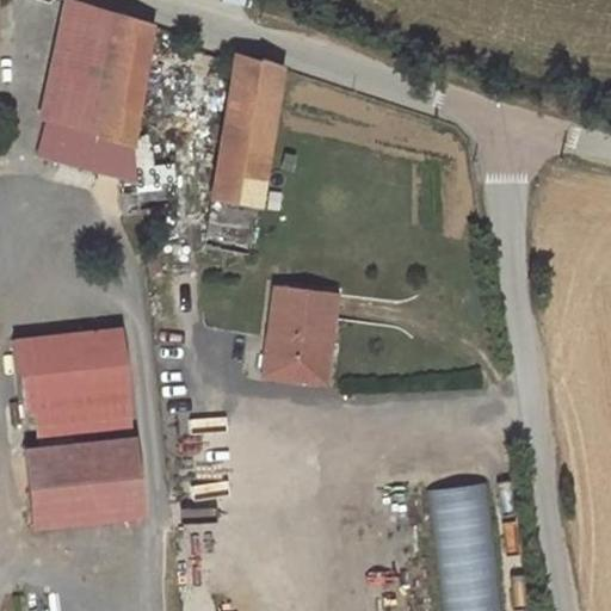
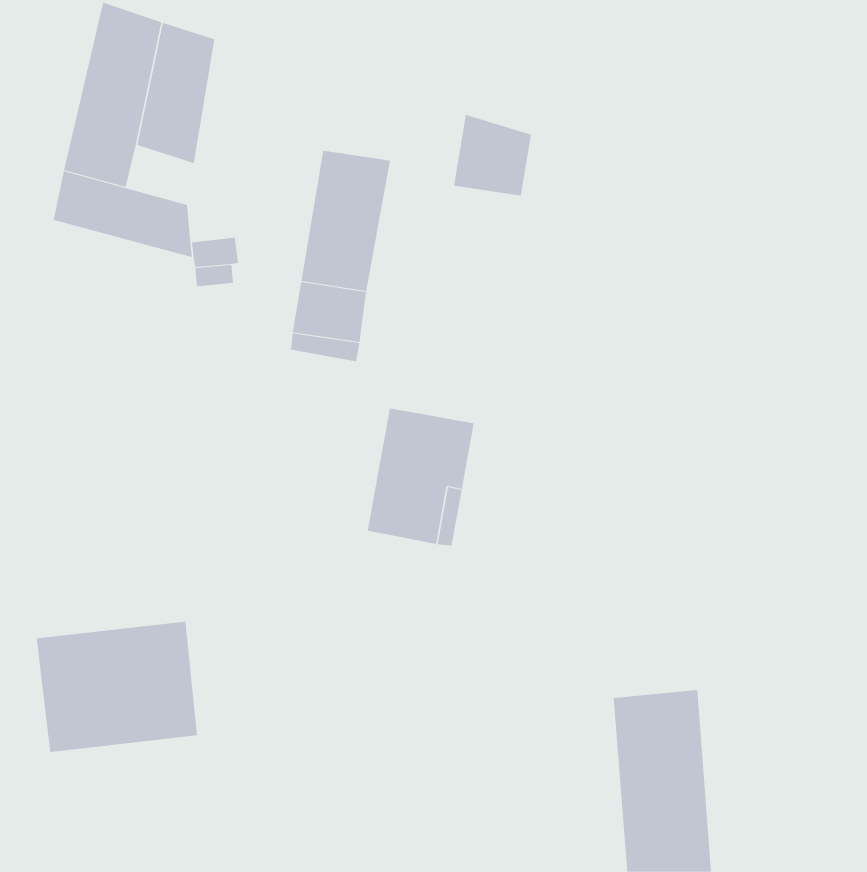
building: [229,55,284,112] -> [453,114,532,196]
building: [92,101,140,143] -> none
building: [17,328,134,446] -> none

